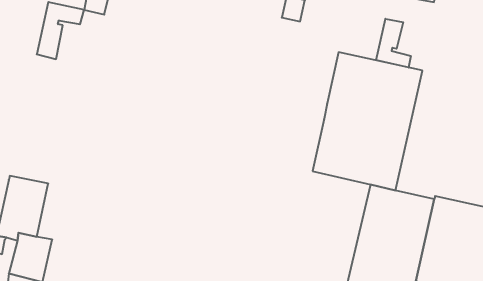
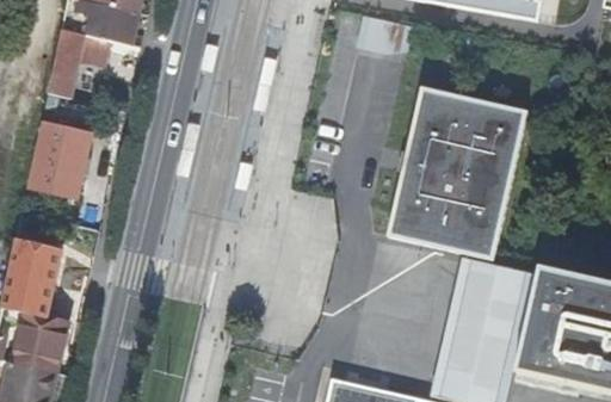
building: [376,19,411,68] -> none
building: none -> [29,120,91,193]

